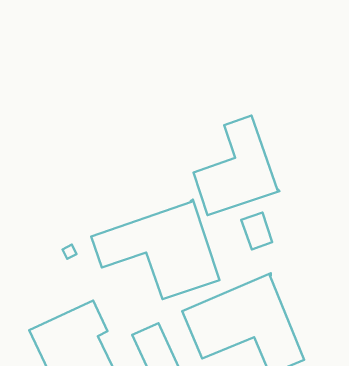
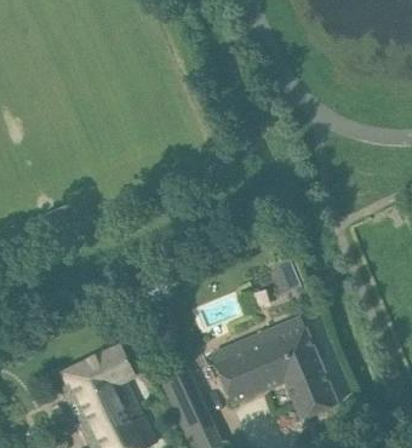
building: [193,115,280,215] -> none
building: [91,199,220,299] -> none

